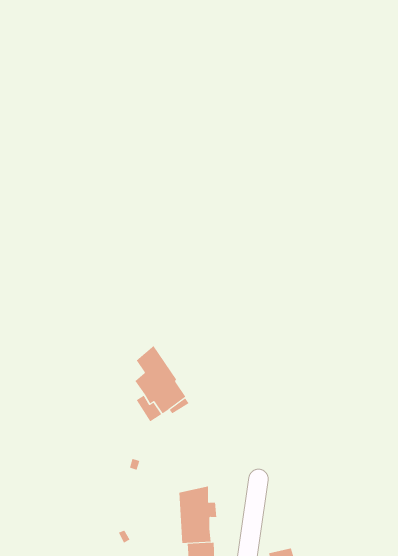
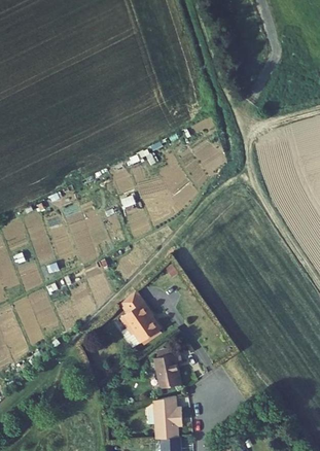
building: none -> [153,353,180,388]

